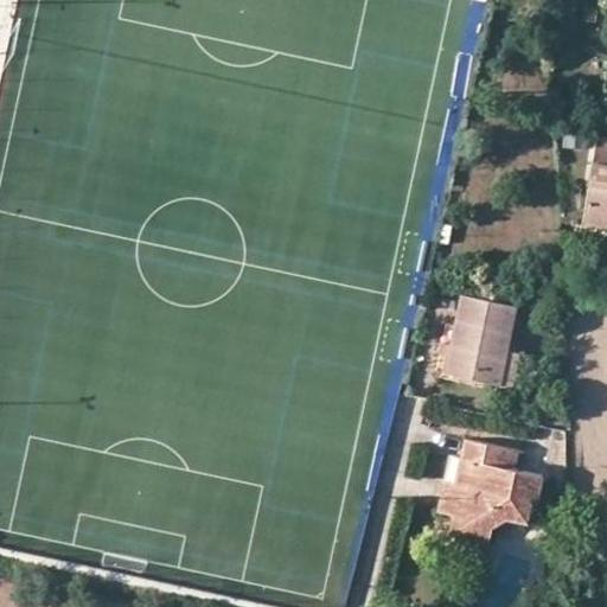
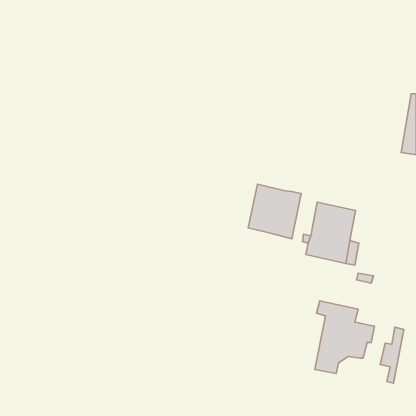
building: none -> [248,184,301,239]
building: [439,456,473,538] -> [380,327,404,383]

